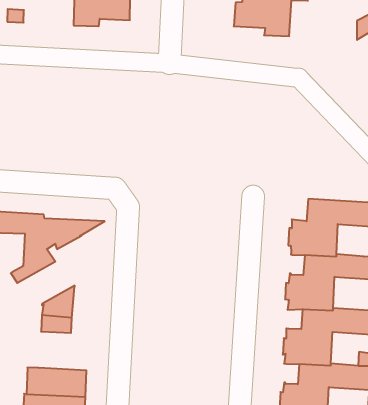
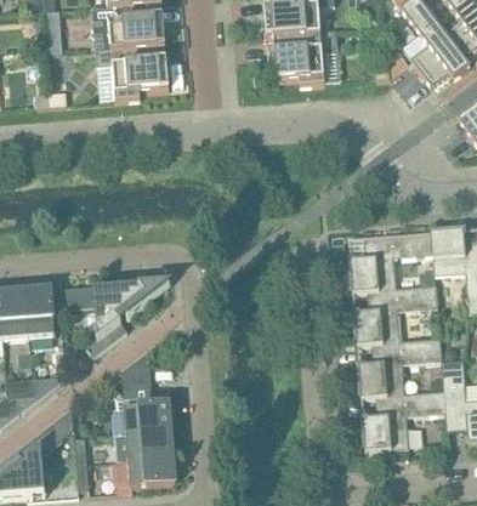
building: none -> [118,403,171,433]

